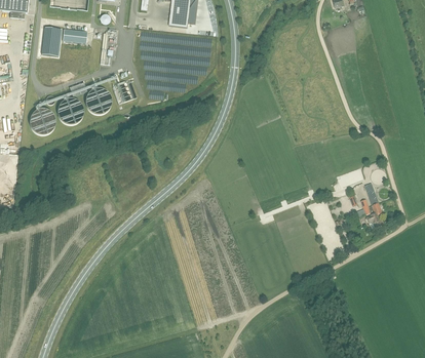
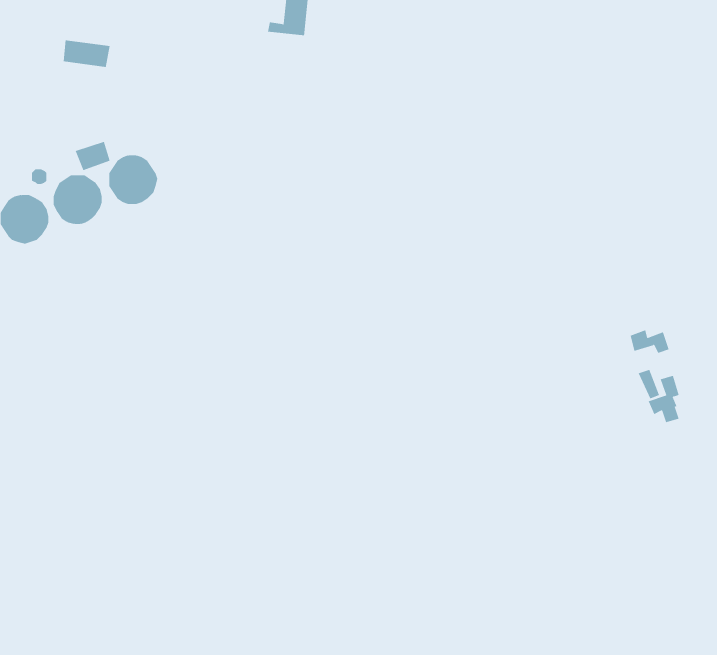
building: [41,26,60,54] -> none

